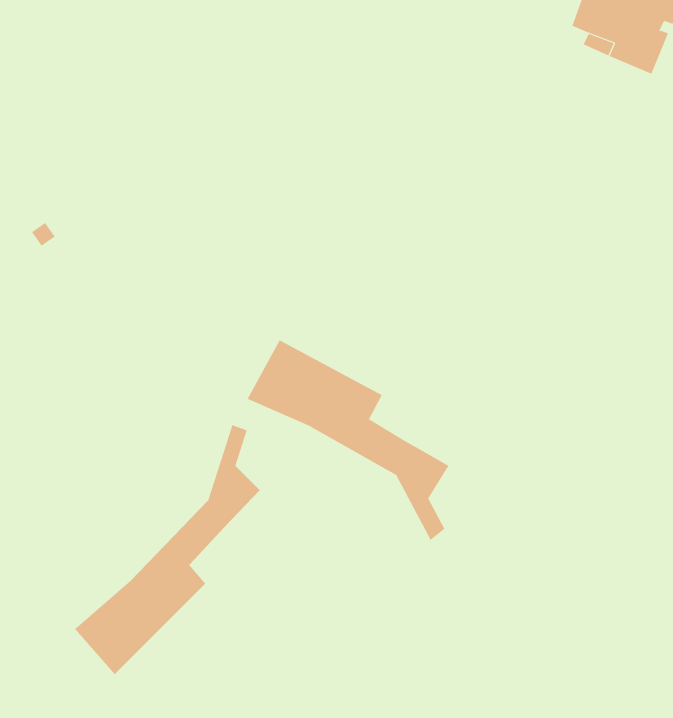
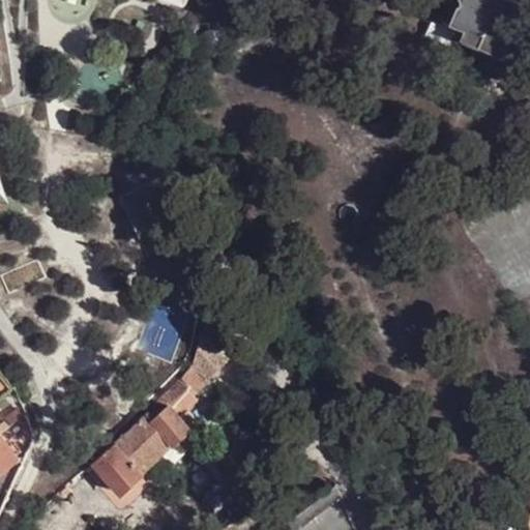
building: [247,339,449,541] -> none

